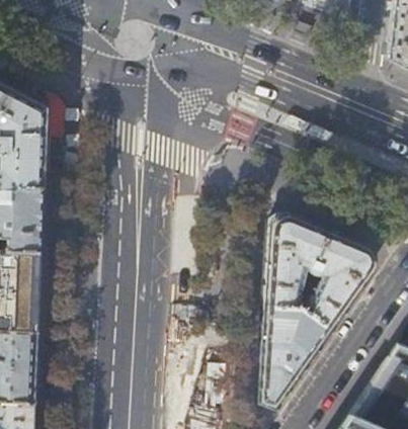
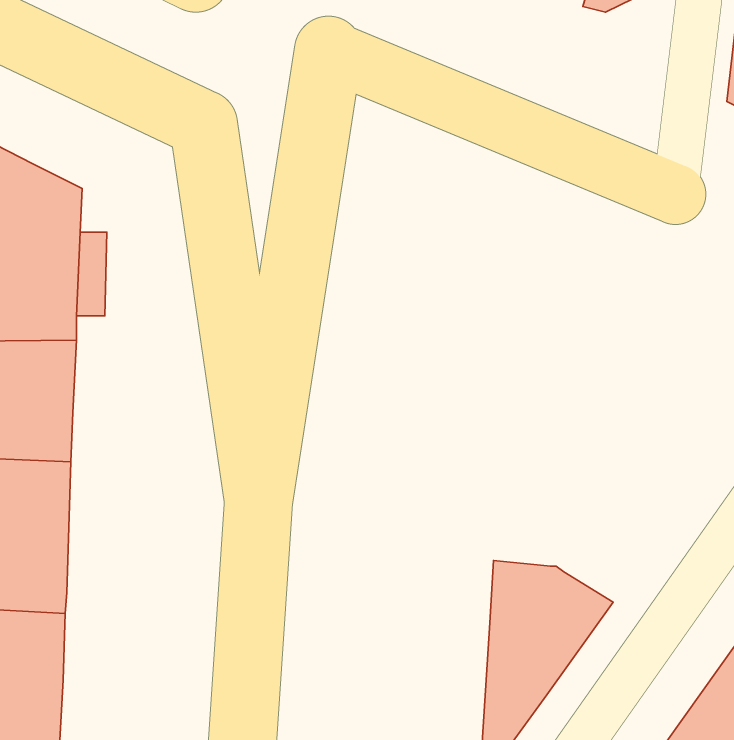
building: [265,213,375,327] -> none

